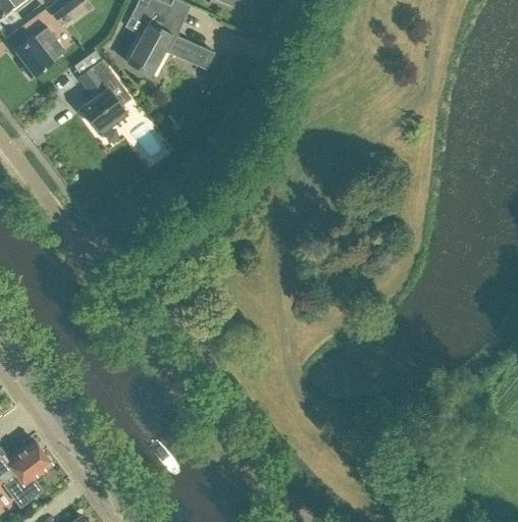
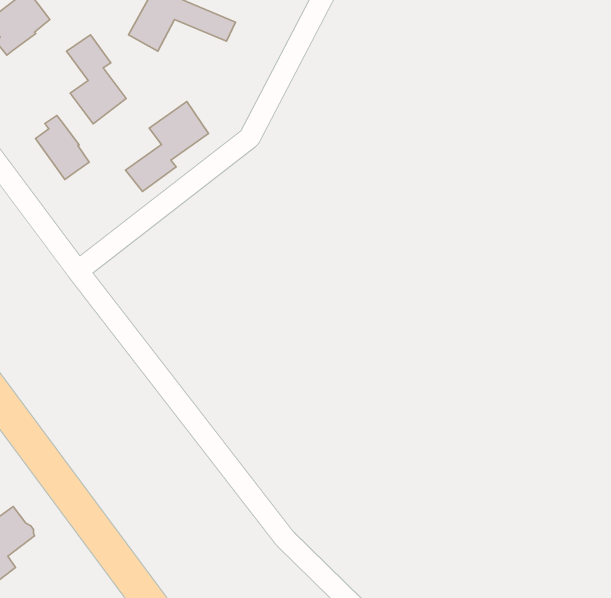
building: none -> [126,101,209,192]
building: none -> [35,115,89,179]

